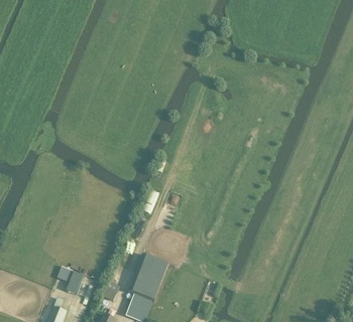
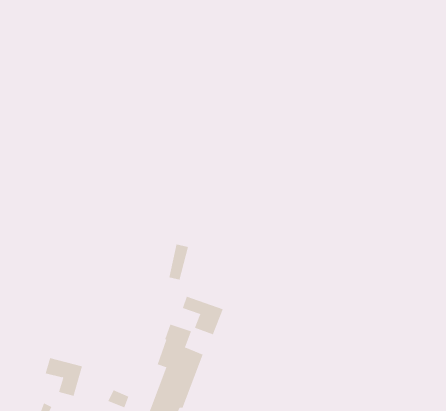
building: none -> [182,296,223,335]

